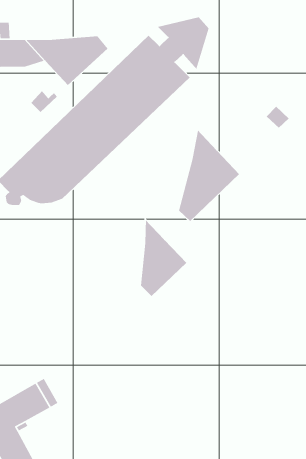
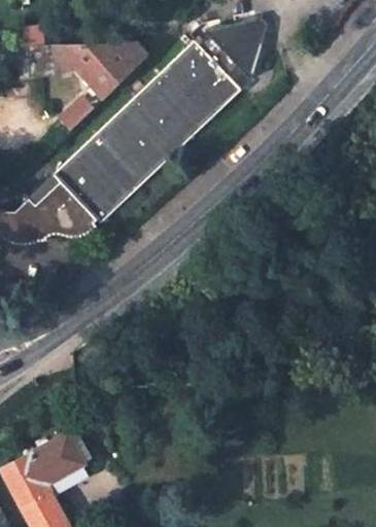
building: [178,129,240,222] -> none
building: [140,219,187,297] -> none

